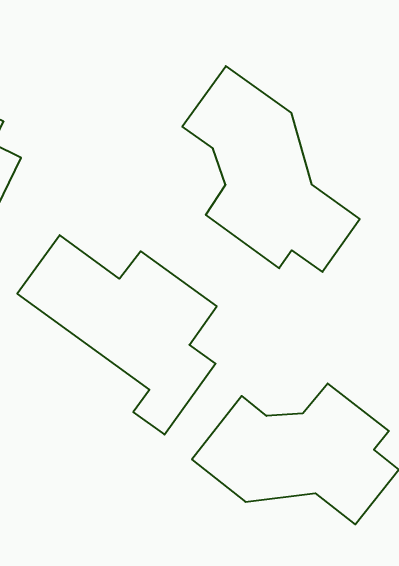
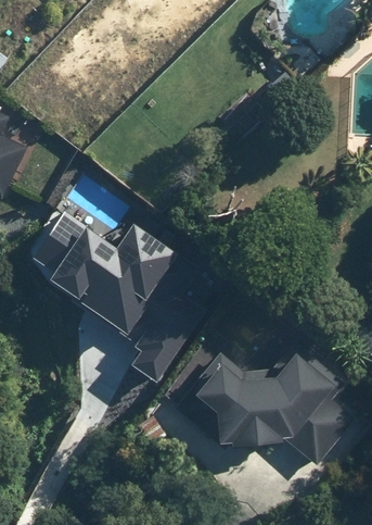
building: [182,66,360,272] -> none

